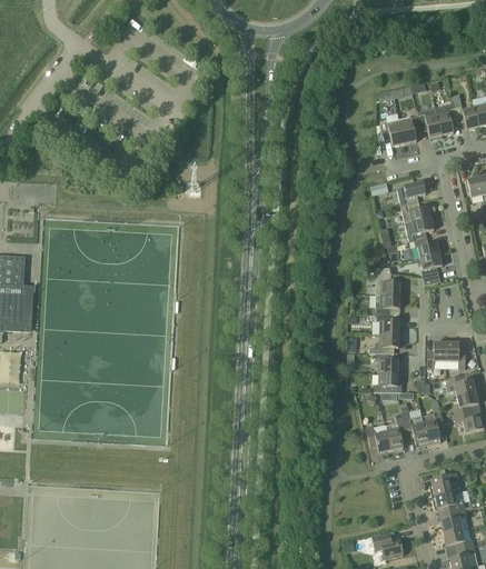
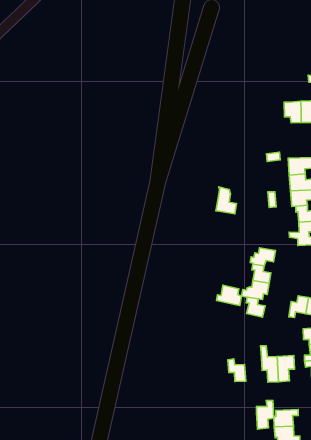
building: [377,266,400,293] -> [216,187,237,214]
building: [375,371,403,391] -> [217,285,242,306]
building: [386,413,408,449] -> [256,400,274,429]

